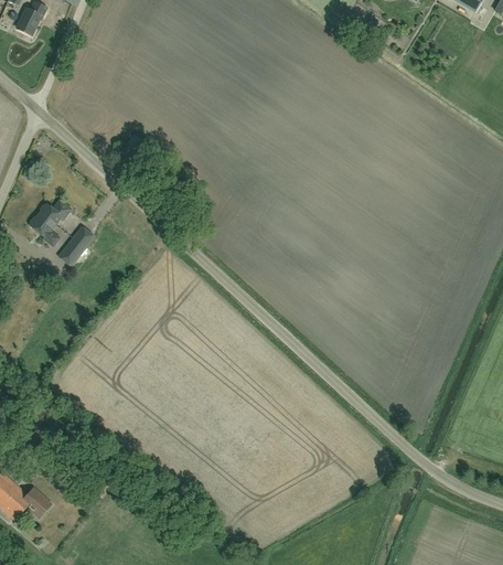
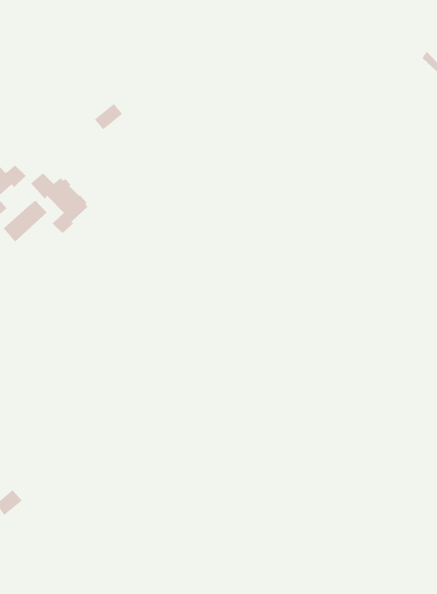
building: none -> [30,173,88,234]

